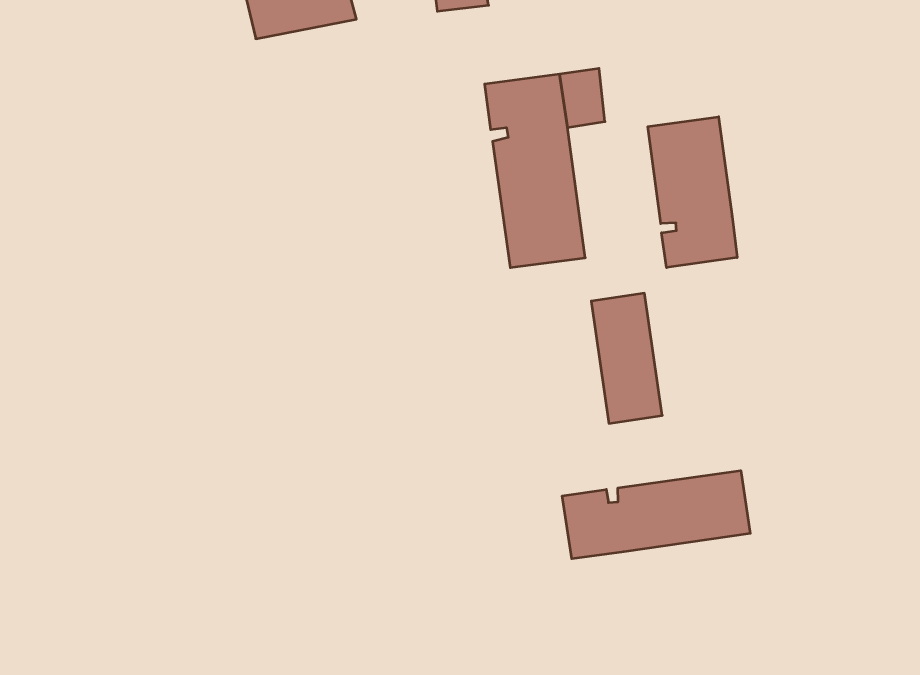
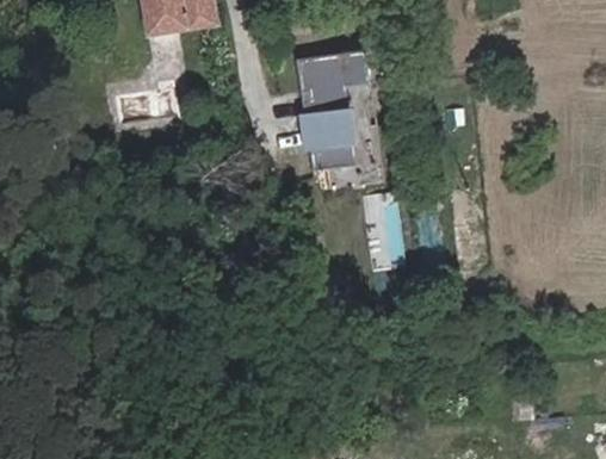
building: [648,117,737,268] -> none
building: [562,471,750,559] -> none

